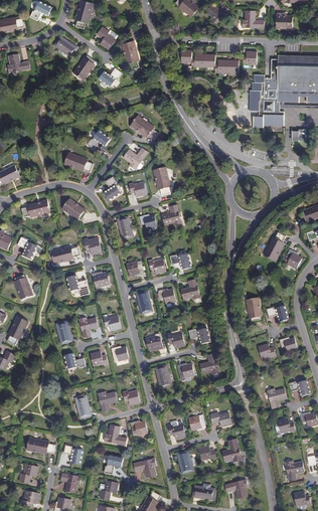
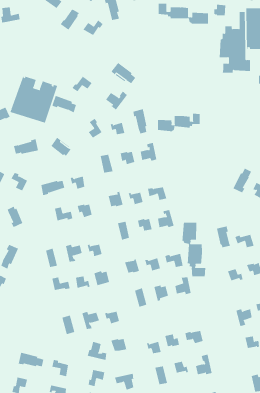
building: none -> [10,75,58,123]
building: none -> [158,113,200,132]
building: none -> [182,222,206,277]

